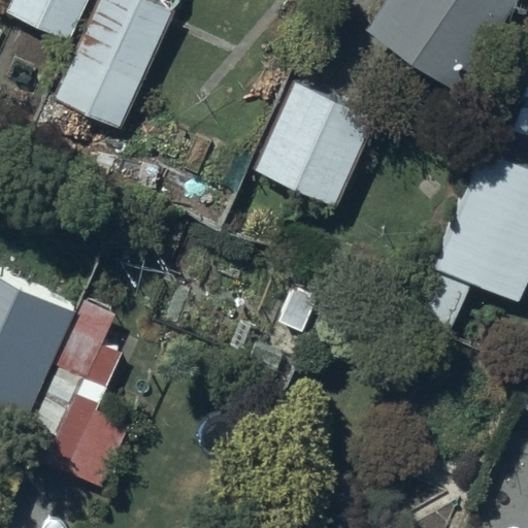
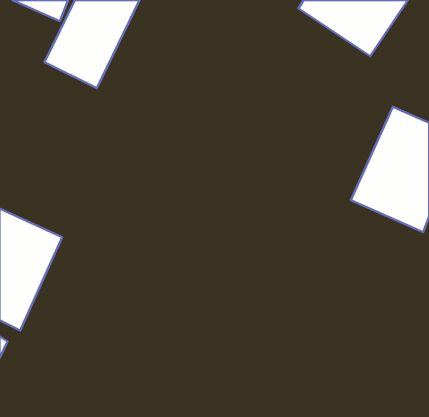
building: [255,80,377,207] -> none
building: [22,301,129,487] -> none

